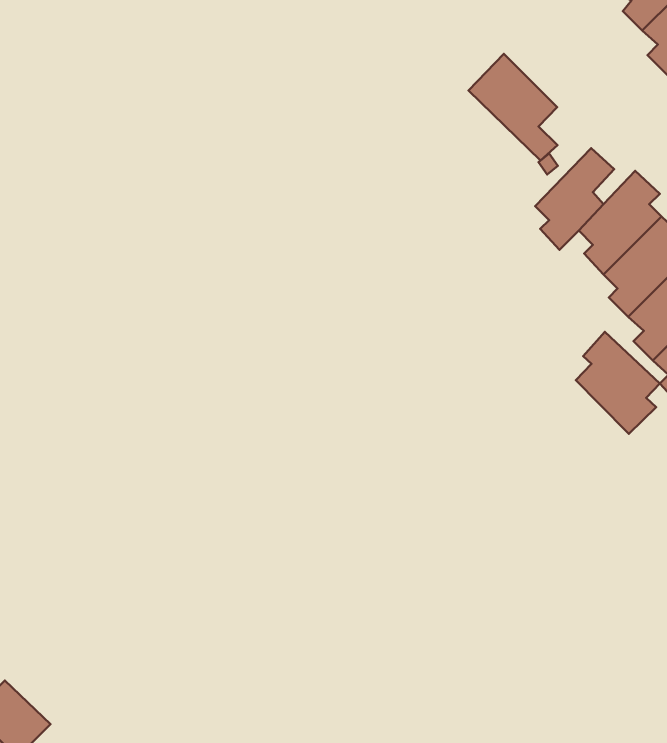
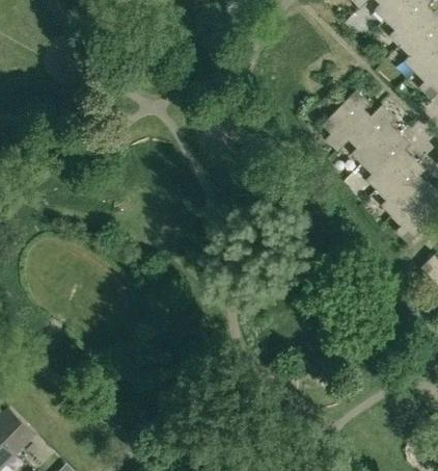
building: [468,54,557,160] -> none
building: [576,332,660,434] -> none

